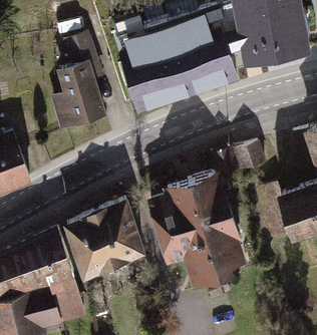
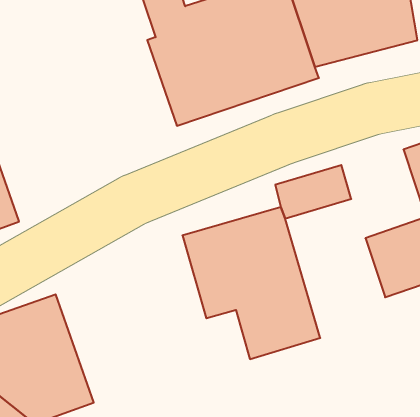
building: [52,30,106,131] -> none
building: [63,203,145,280] -> none

